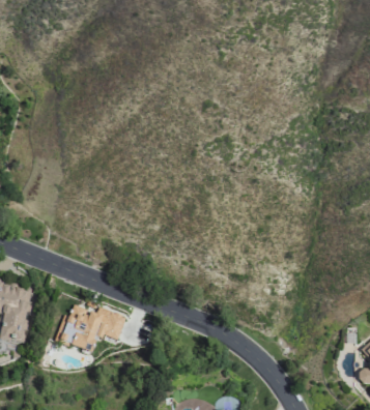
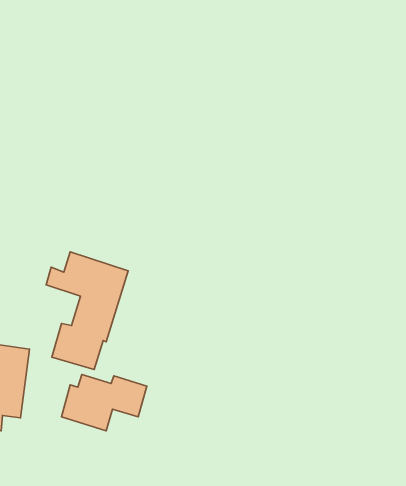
building: none -> [46,252,128,370]

